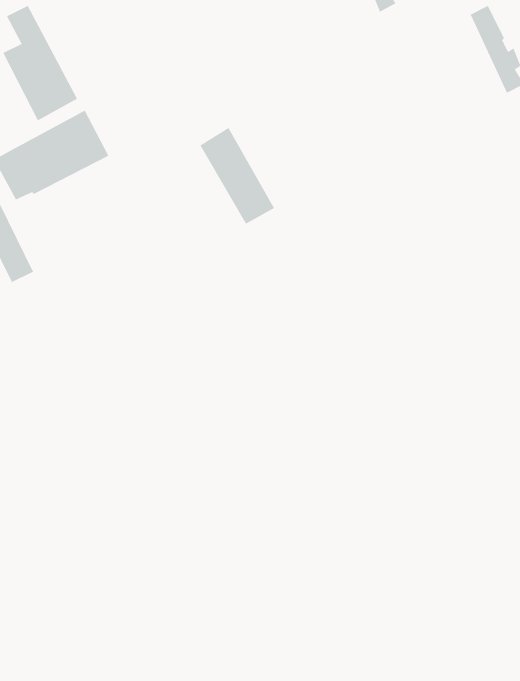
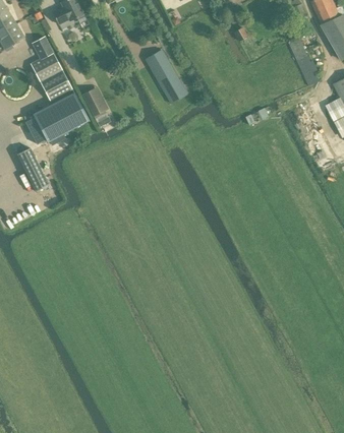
building: none -> [82,86,108,116]
building: [199,127,275,225] -> [145,49,186,103]

